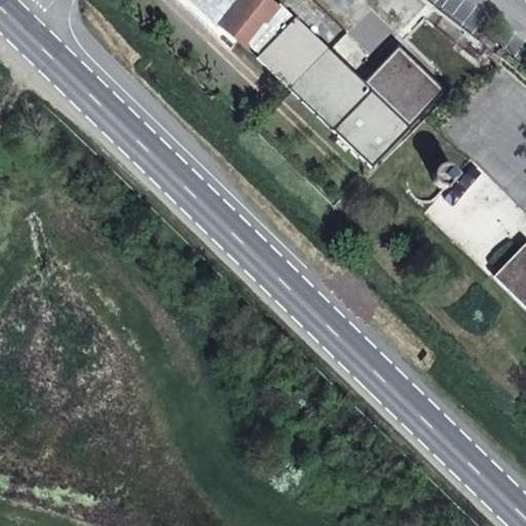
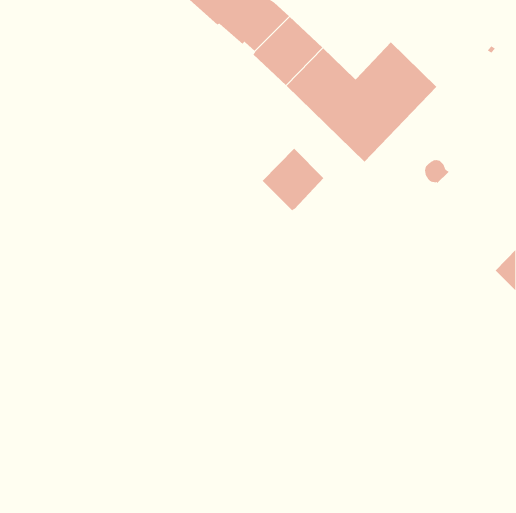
building: none -> [262,148,324,211]

